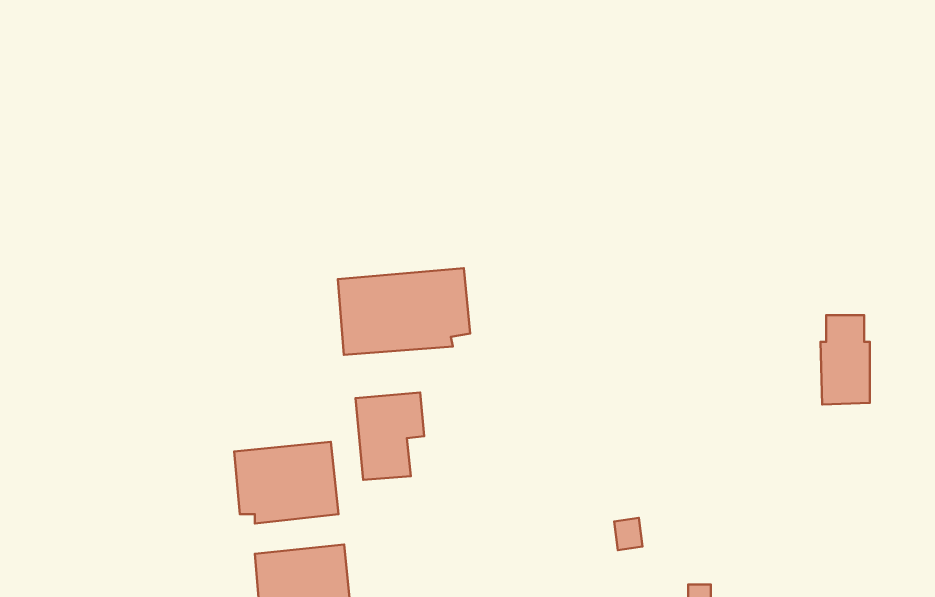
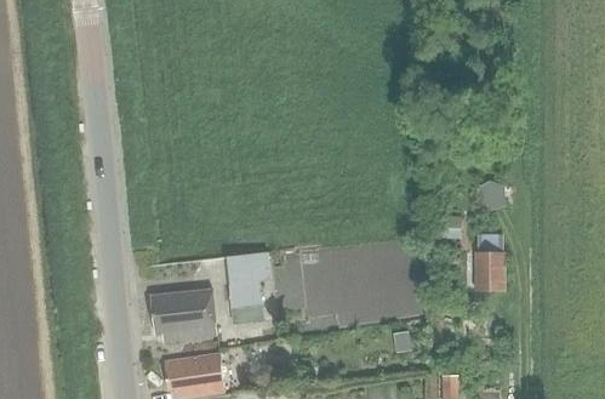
building: [338,268,470,355] -> none
building: [820,315,870,405] -> [472,234,503,291]

